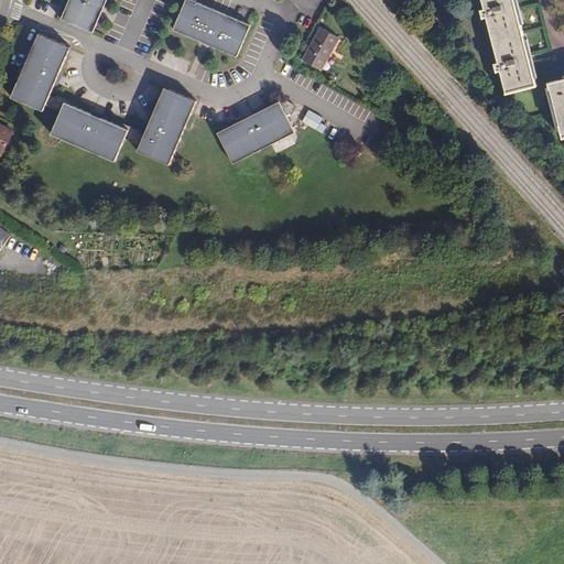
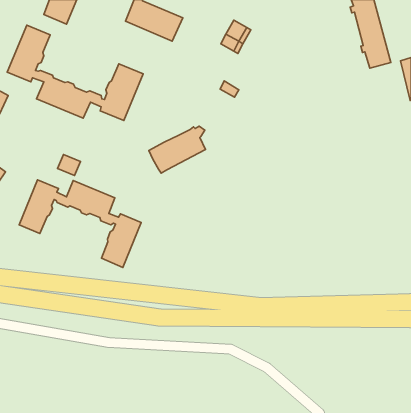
building: [216,99,293,163] -> [149,126,206,173]
building: none -> [57,154,81,175]
building: none -> [19,180,141,267]

